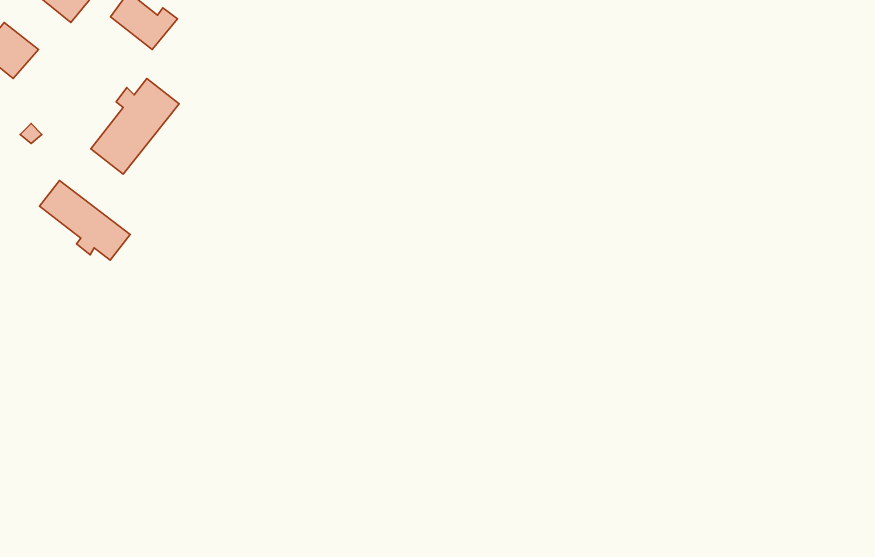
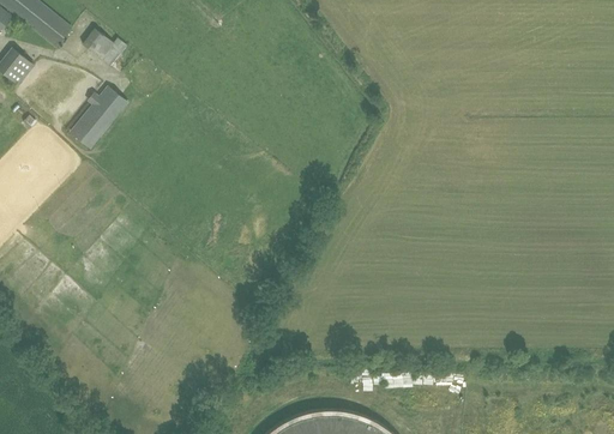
building: [40,180,130,260] -> none

